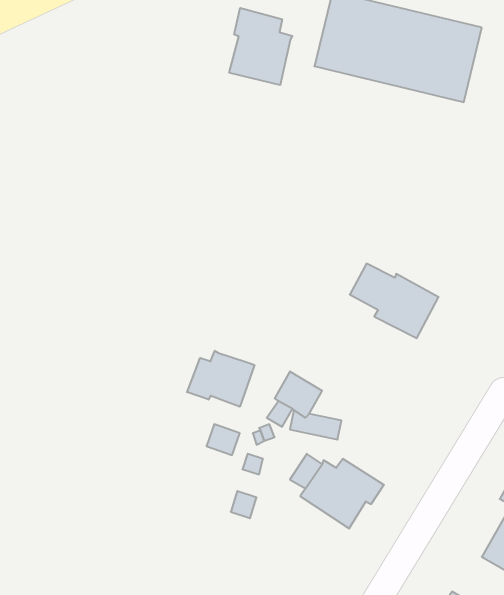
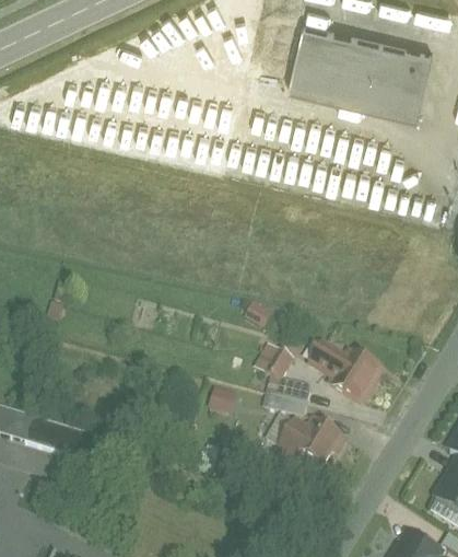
building: [229,8,292,85] -> none
building: [350,264,439,338] -> [309,343,385,406]
building: [187,351,254,407] -> none

